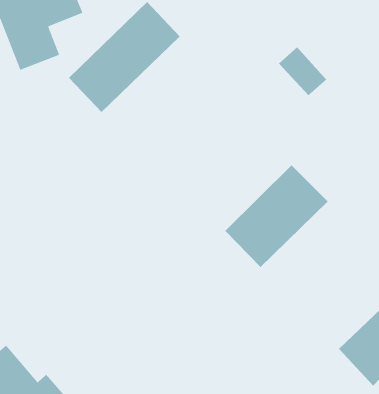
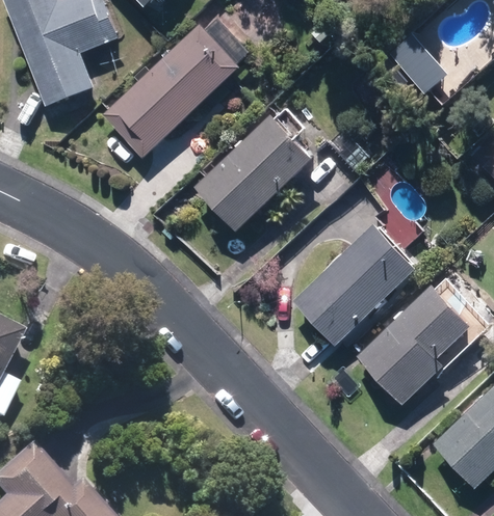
building: [278,46,327,96] -> [391,34,450,94]
building: none -> [194,112,313,232]
building: none -> [357,283,473,406]

